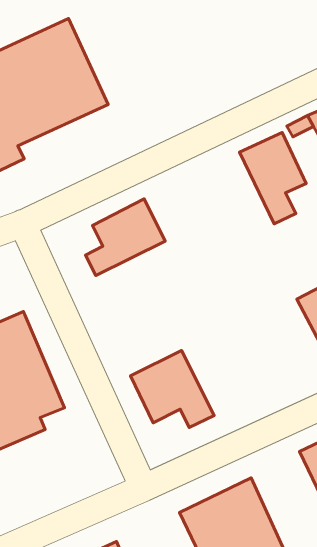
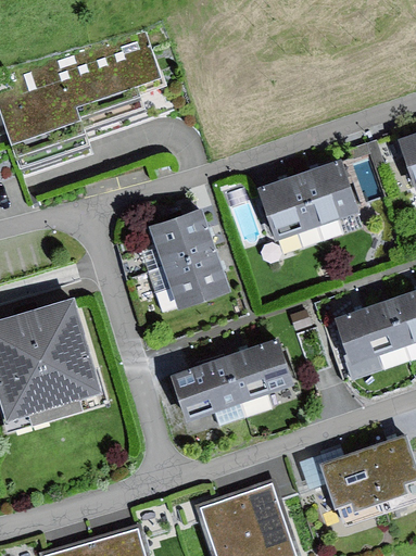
building: none -> [257,173,322,250]
building: none -> [147,249,231,308]
building: none -> [219,333,293,419]

